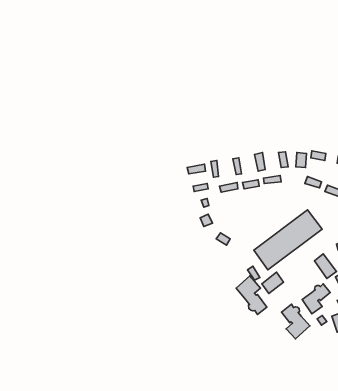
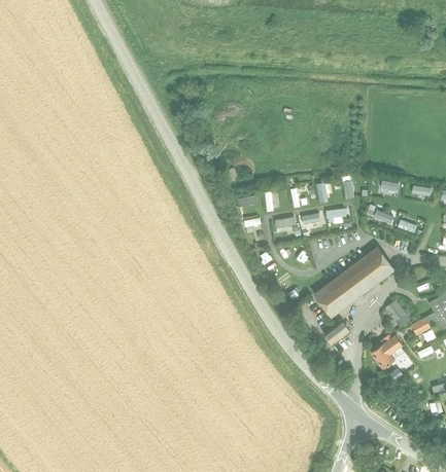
building: [236,276,267,314] -> none
building: [281,304,310,339] -> none

